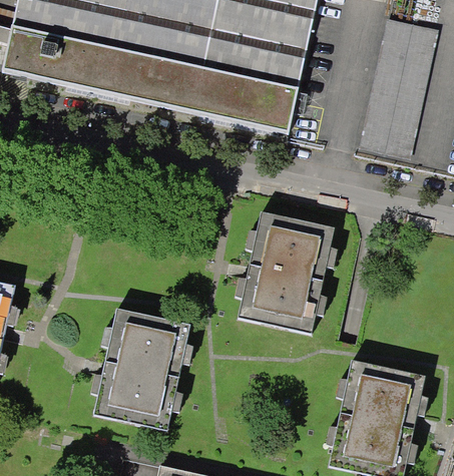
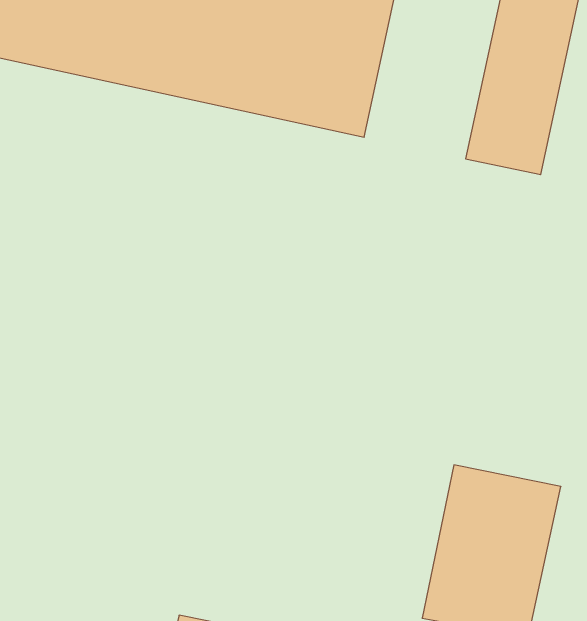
building: [239,211,335,334] -> none
building: [94,309,190,430] -> none

